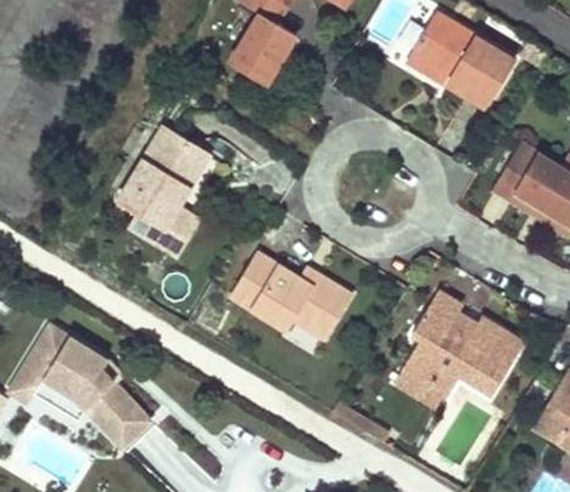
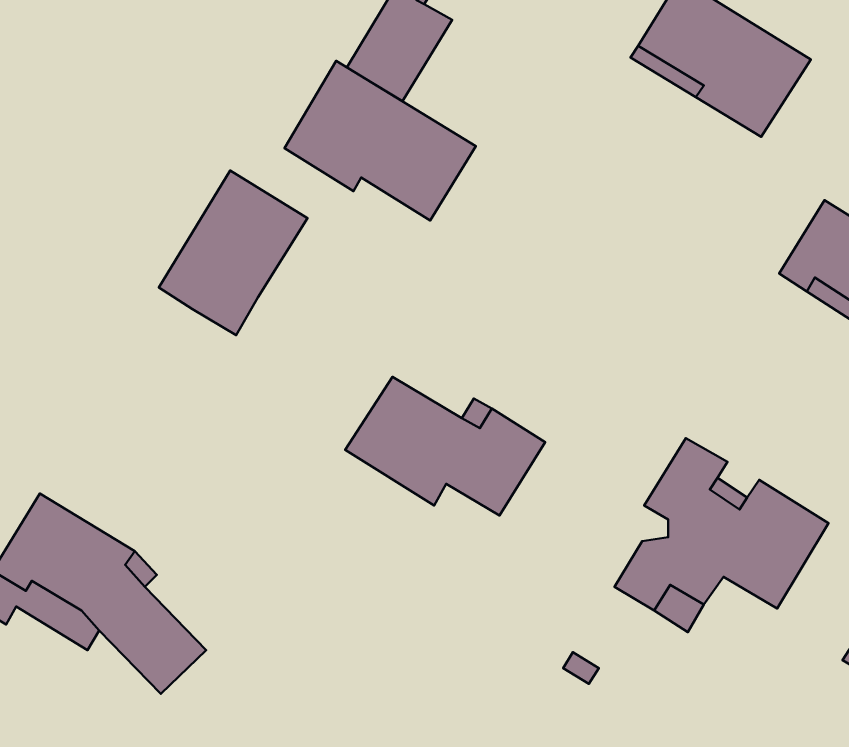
building: none -> [285,61,476,221]
building: [128,205,198,256] -> none

